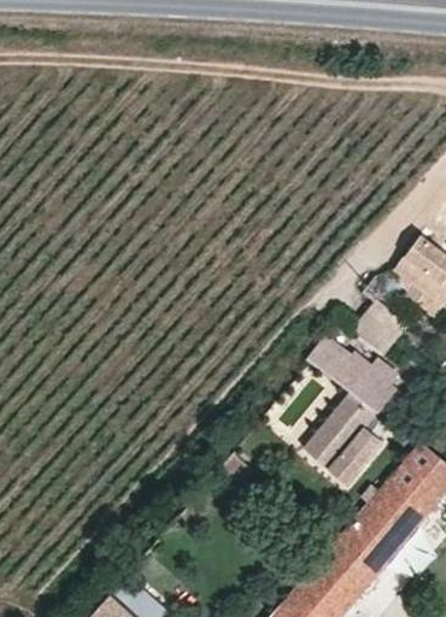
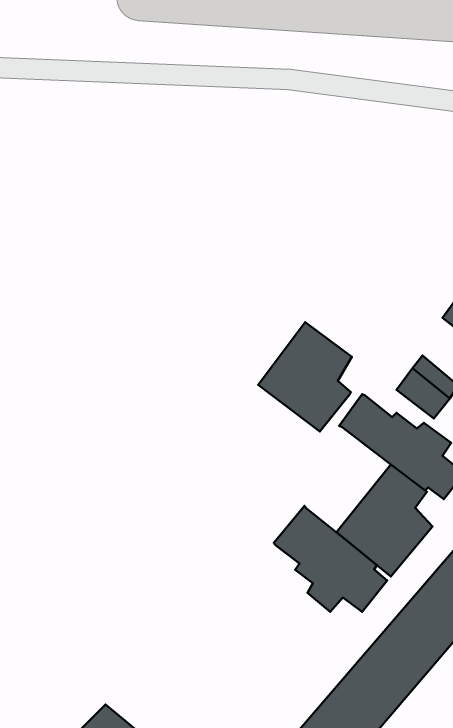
building: none -> [258,322,352,432]
building: none -> [274,506,387,612]

